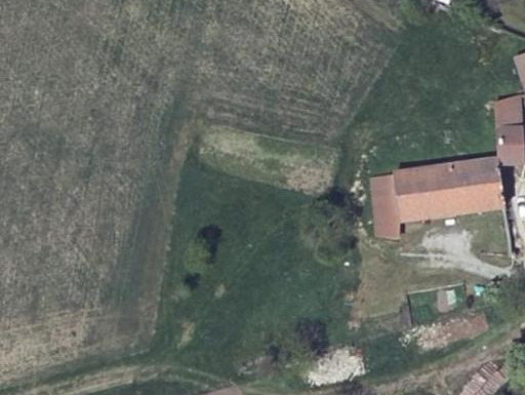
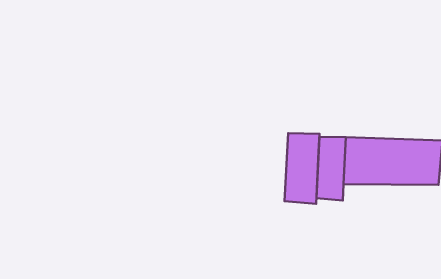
building: none -> [284,133,320,204]

